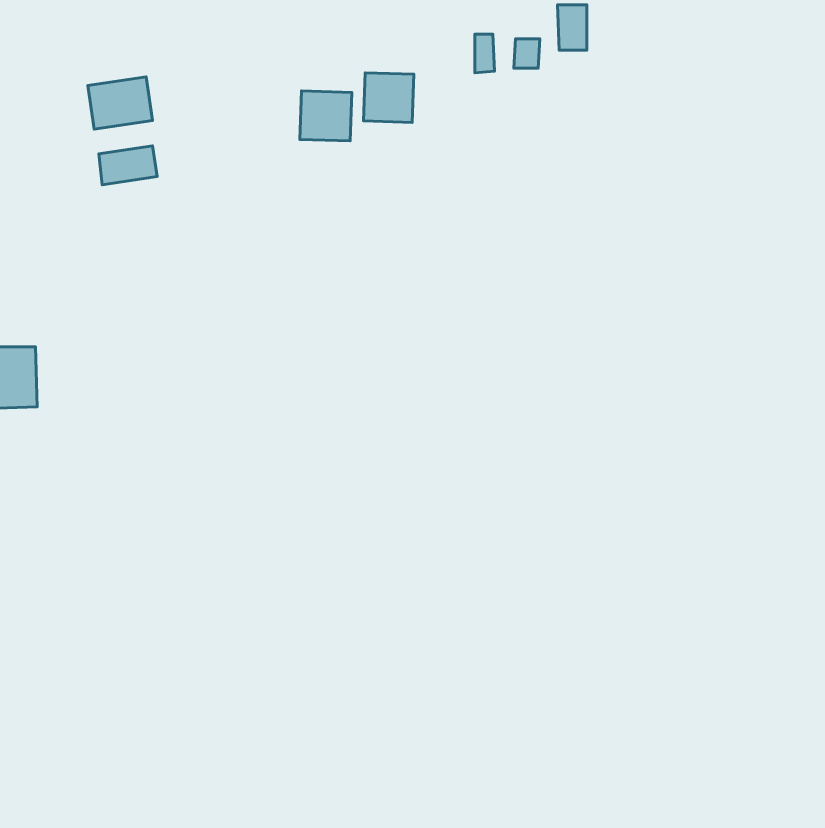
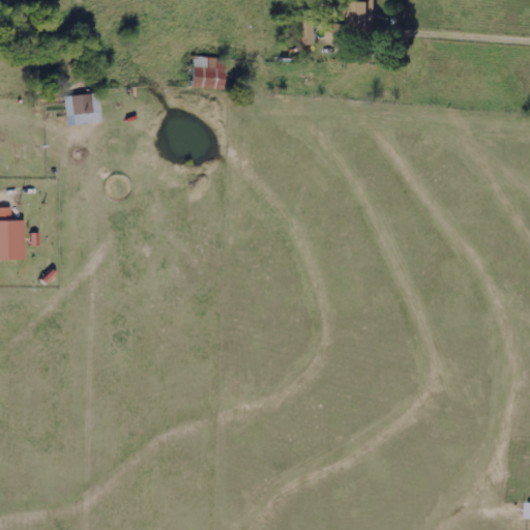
building: [364,73,414,122] -> none
building: [88,77,152,129] -> none

